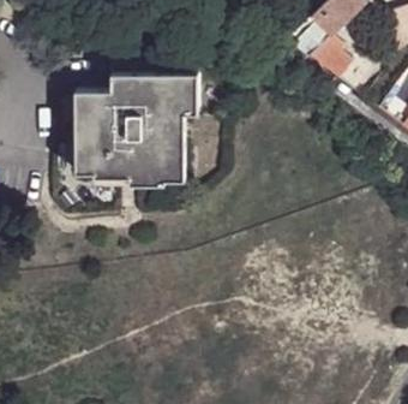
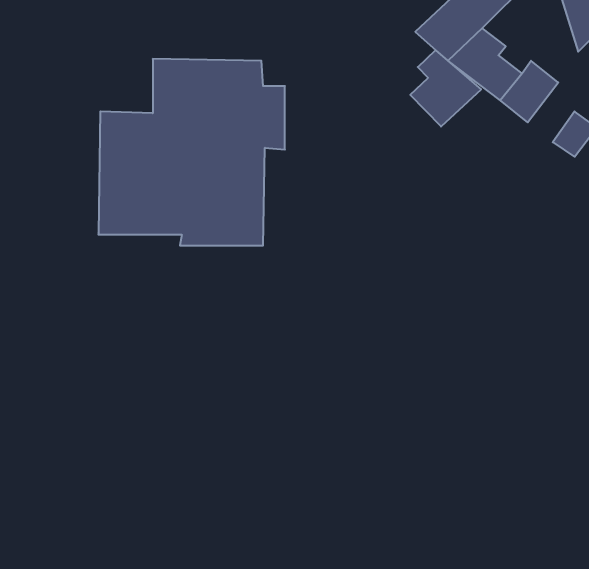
building: none -> [410,50,481,127]

